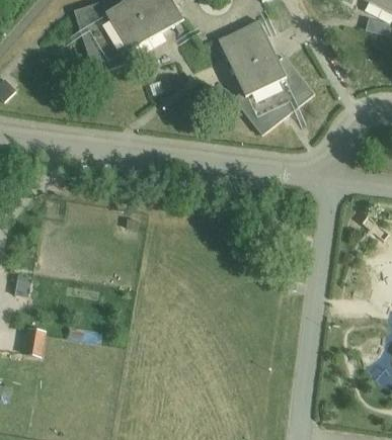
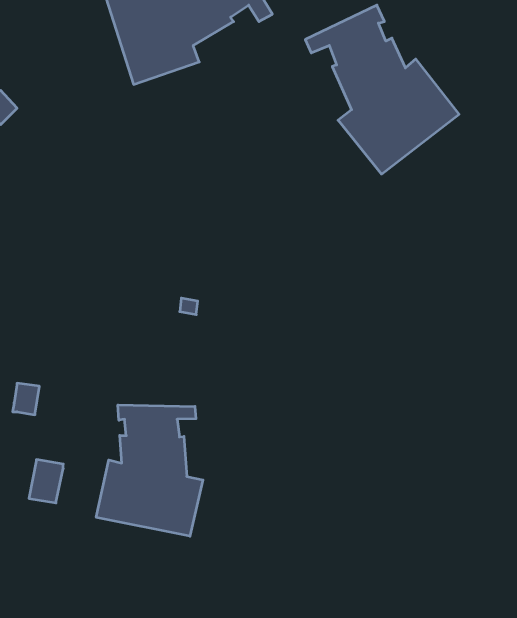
building: none -> [96,405,203,536]

